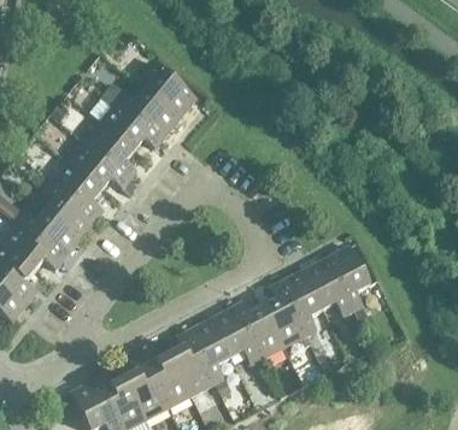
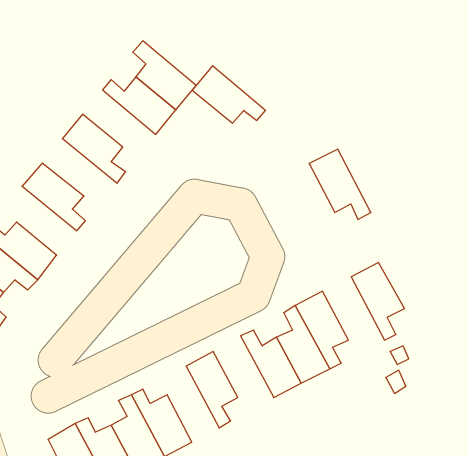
building: [100,101,162,149] -> [192,66,266,123]
building: [66,142,129,190] -> none
building: [43,182,95,240] -> none
building: [301,258,353,317] -> [309,149,371,220]
building: [210,307,260,365] -> none
building: [171,332,215,396] -> none

